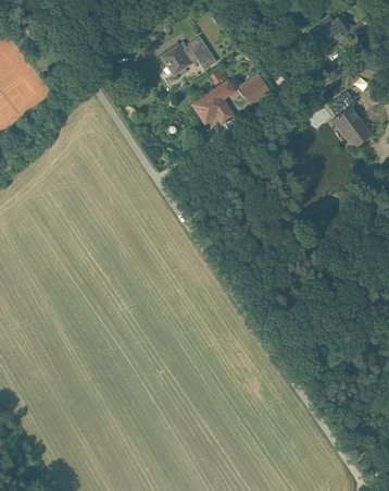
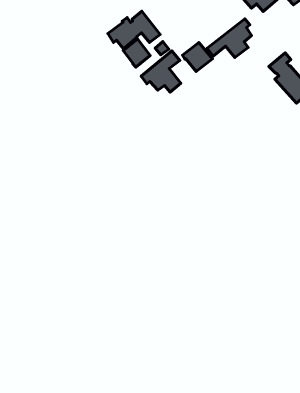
building: none -> [207,19,252,58]
building: none -> [123,39,150,67]

